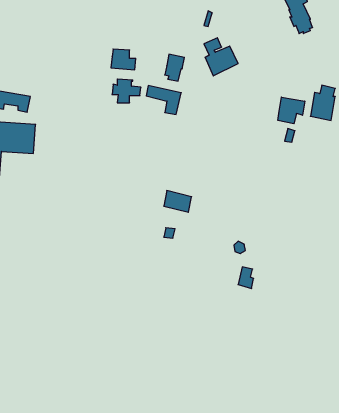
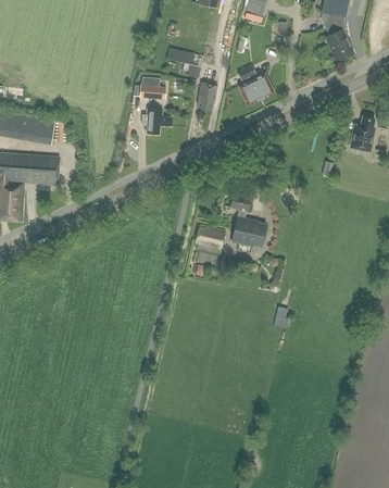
building: [146,86,181,114] -> [167,47,204,77]
building: [278,97,305,124] -> none
building: none -> [230,191,266,246]

